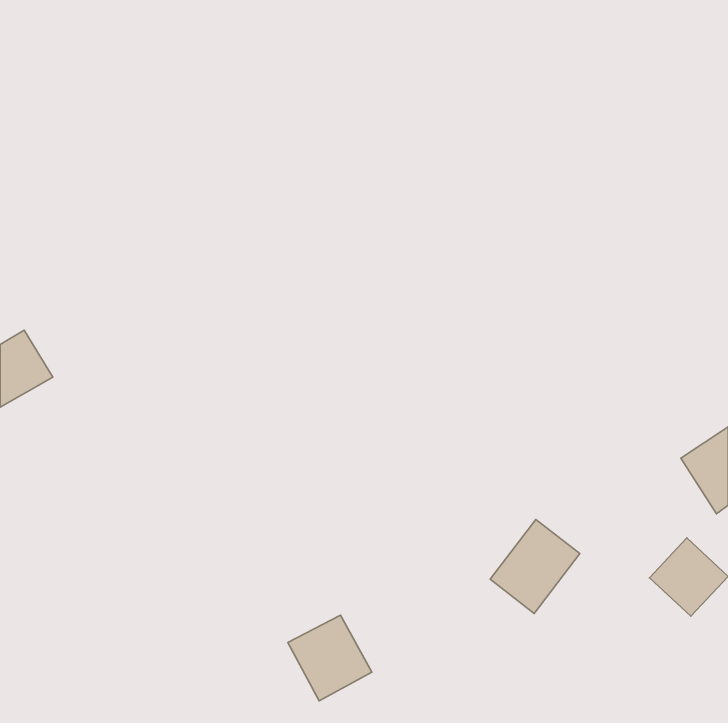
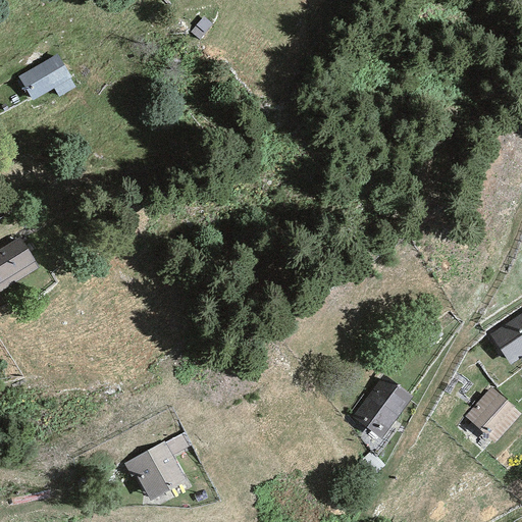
building: none -> [16,53,72,103]
building: [288,615,372,701] -> [126,441,187,503]

